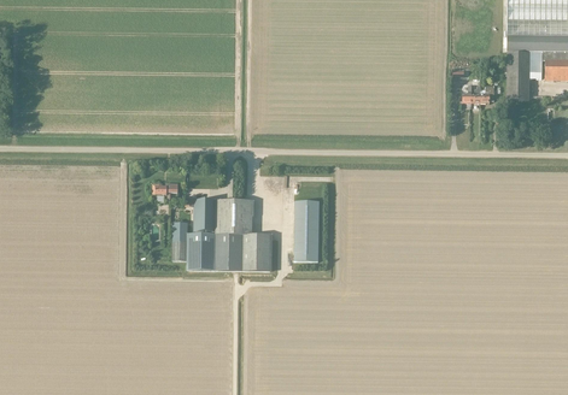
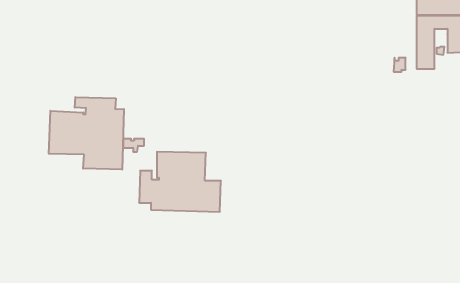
building: none -> [49,97,124,170]
building: [294,200,320,261] -> none

